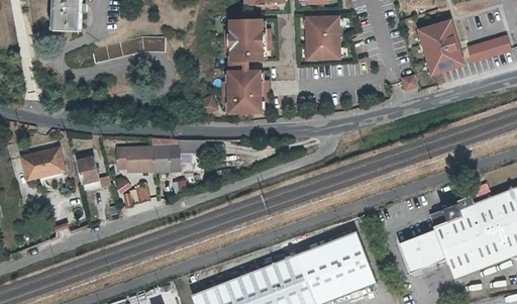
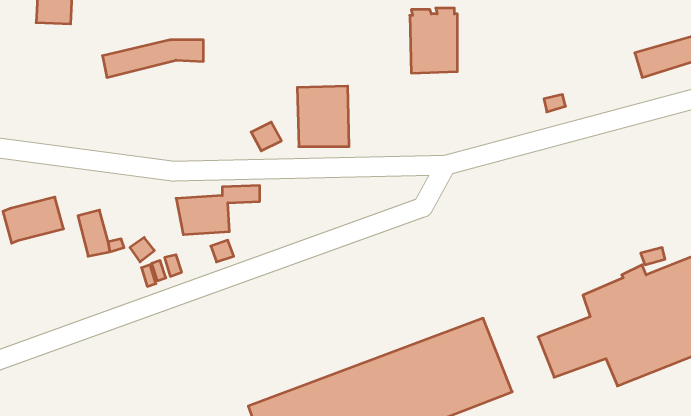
building: [230,18,267,61] -> none
building: [418,19,467,76] -> none
building: [116,148,148,174] -> none

